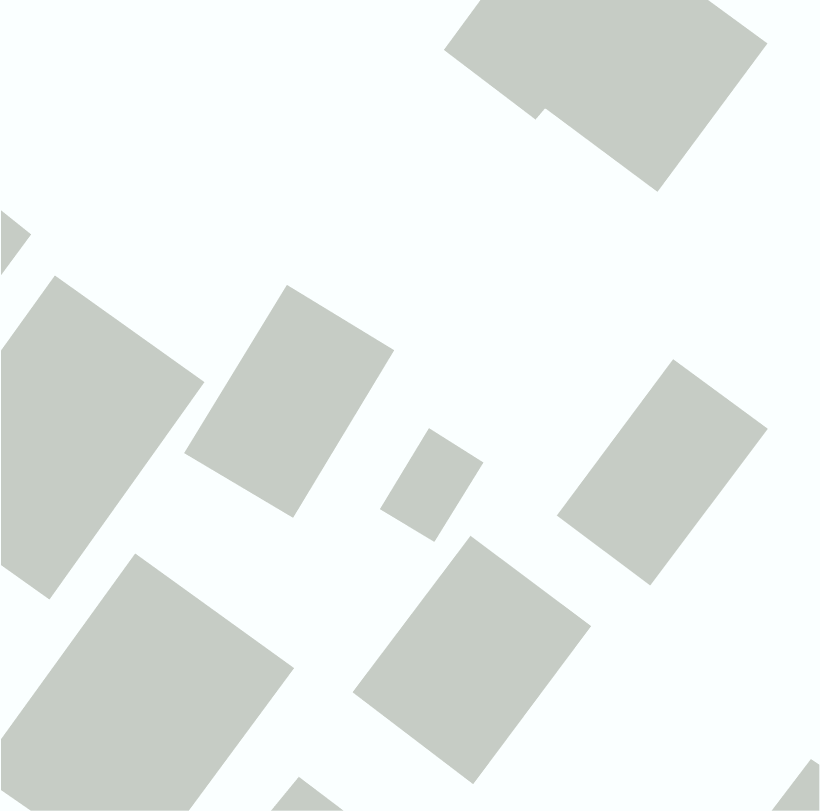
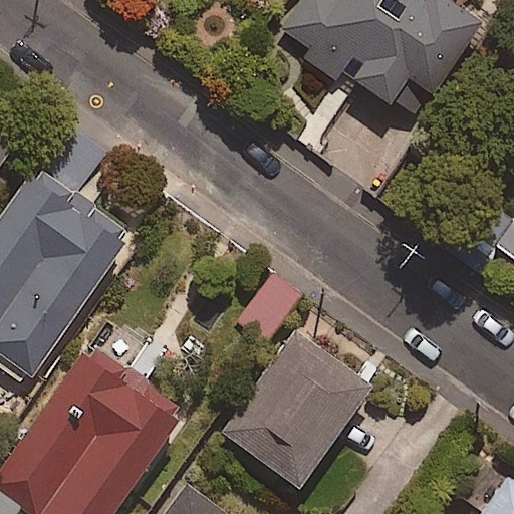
building: [183,284,395,519] -> none
building: [556,358,769,587] -> none

